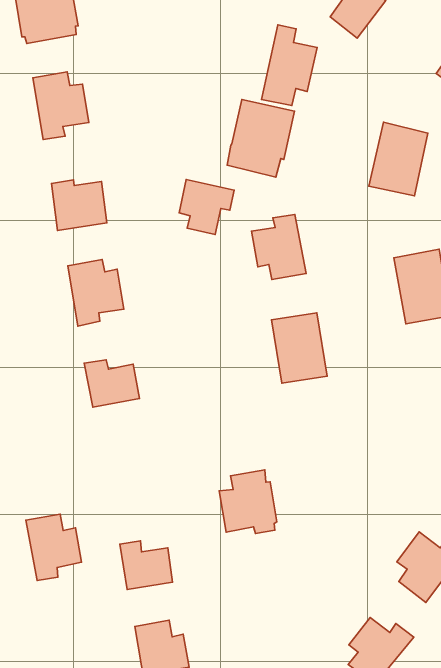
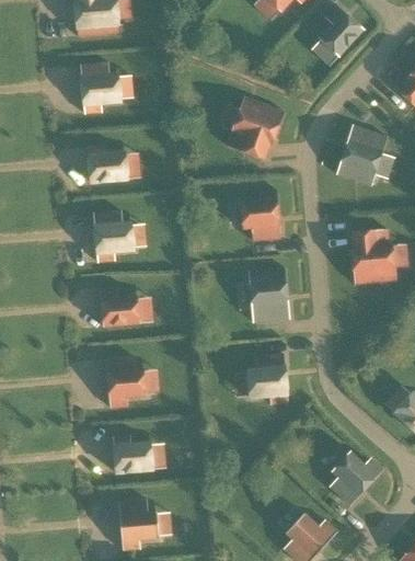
building: [261,25,317,106] -> none
building: [179,179,234,234] -> none
building: [219,470,277,534] -> [246,354,289,403]
building: [26,514,82,580] -> [106,356,147,407]

